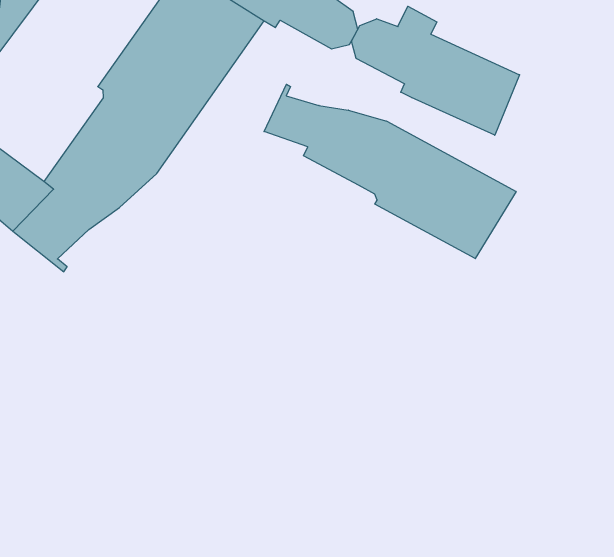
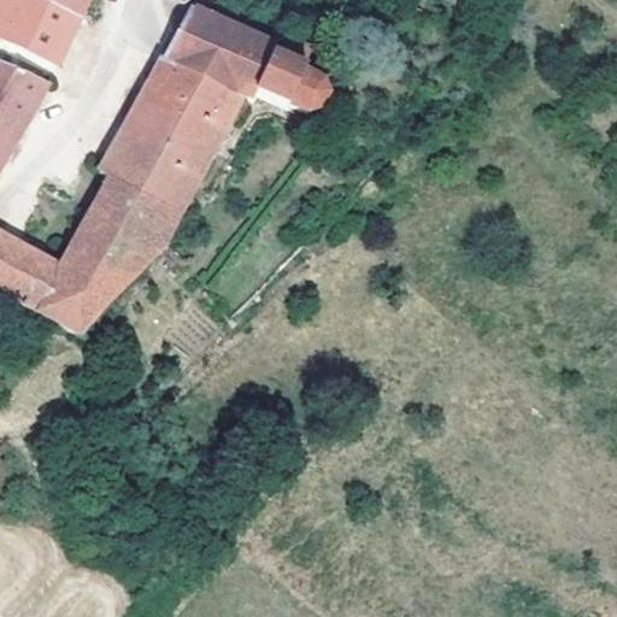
building: [352,6,520,135] -> none
building: [264,84,516,259] -> none

